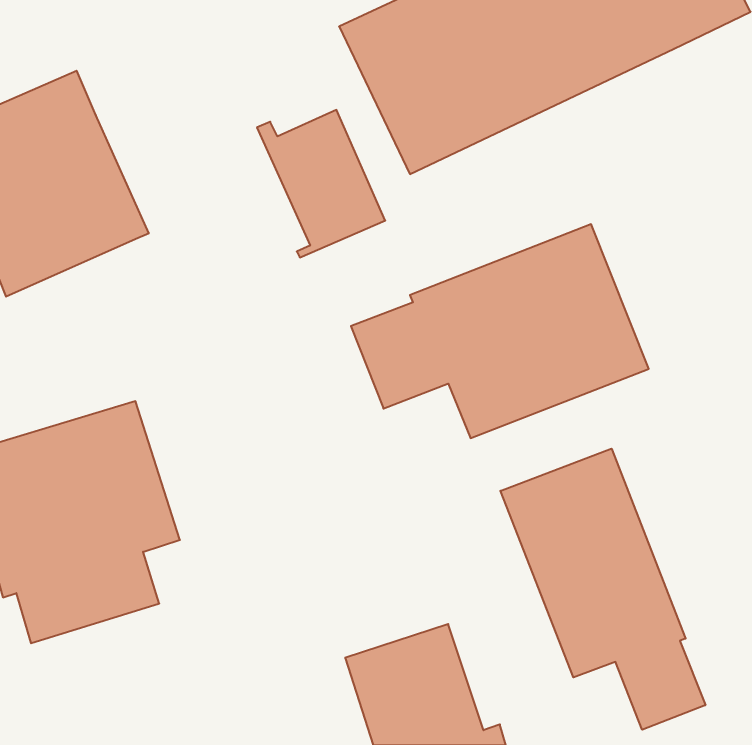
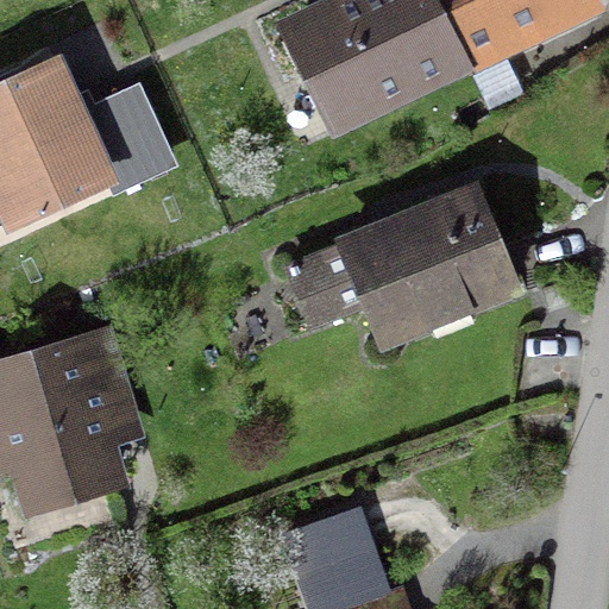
building: [257,110,385,257] -> [77,79,181,197]
building: [500,449,705,730] -> none

